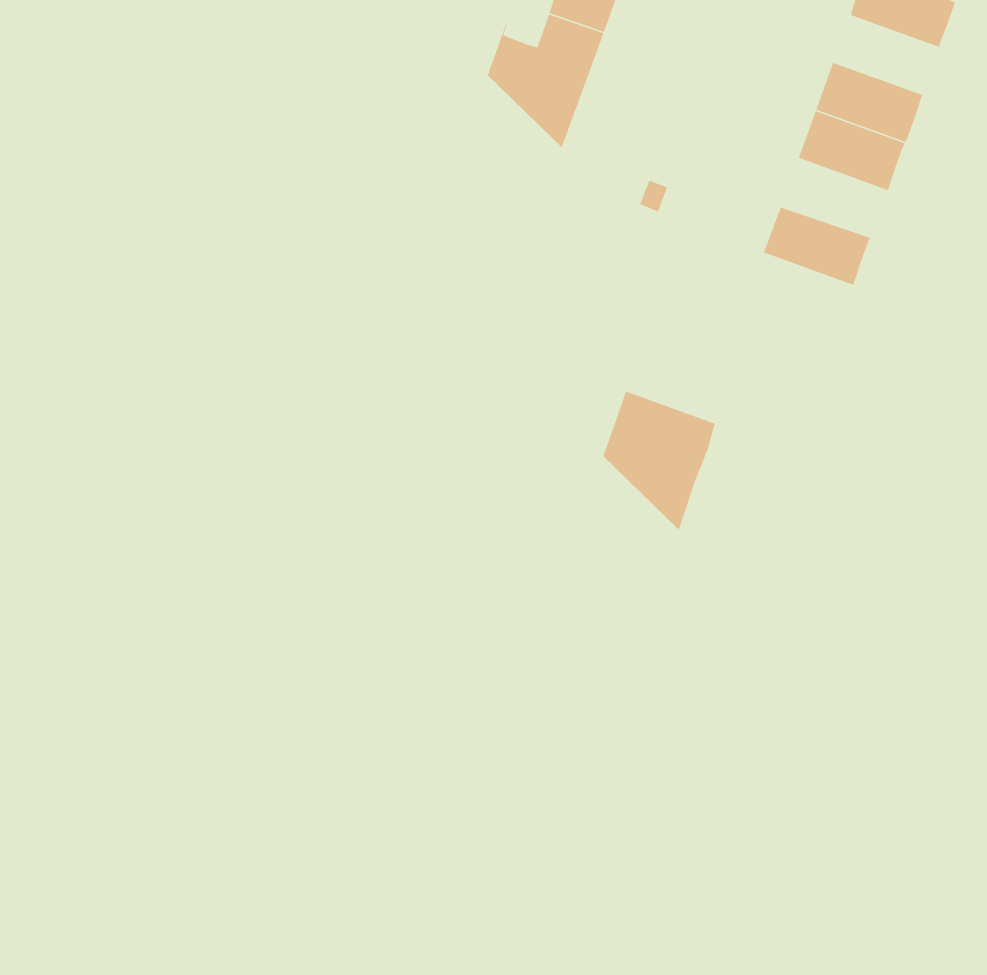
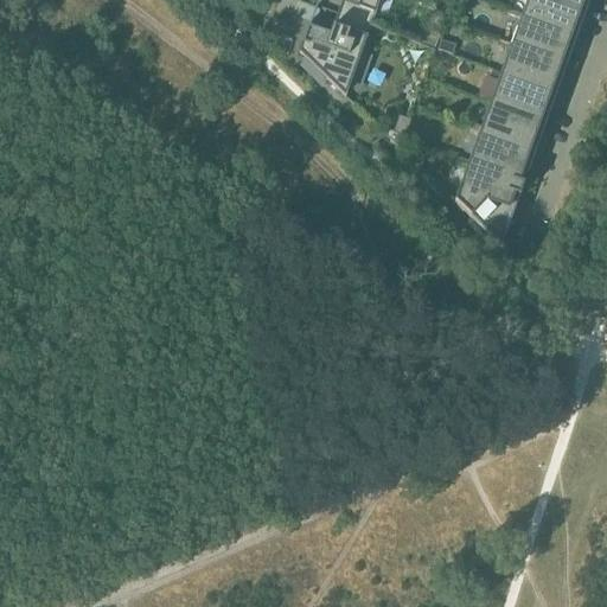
building: none -> [511,9,577,58]
building: none -> [479,97,545,146]
building: [602,391,716,530] -> [454,155,524,241]

